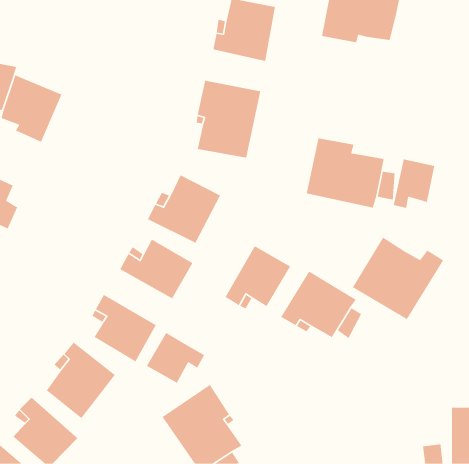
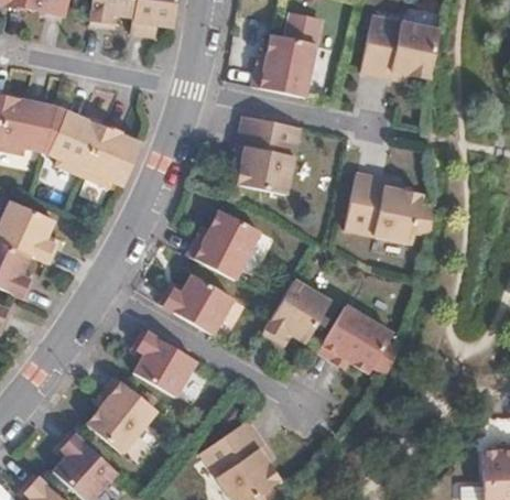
building: none -> [82,128,140,189]
building: [393,159,435,209] -> none
building: [352,236,444,320] -> none
building: [146,332,205,384] -> none

